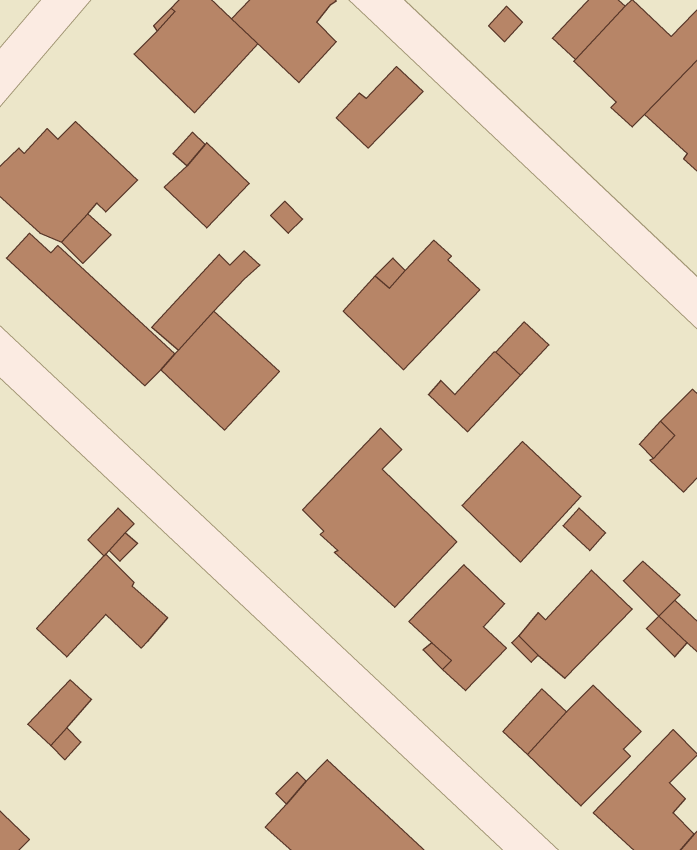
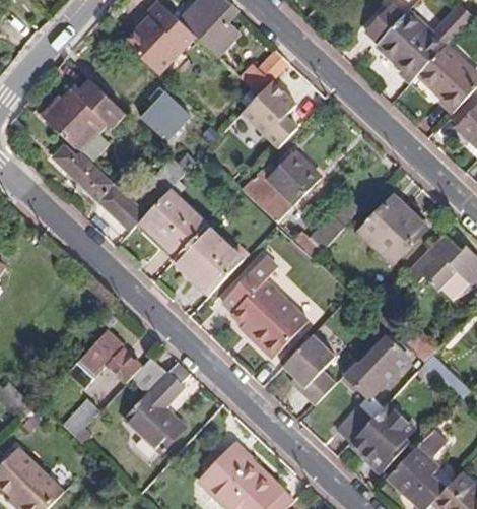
building: none -> [242,80,298,146]
building: none -> [173,222,244,295]
building: [462,442,581,562] -> [359,195,427,264]
building: none -> [124,357,190,452]

